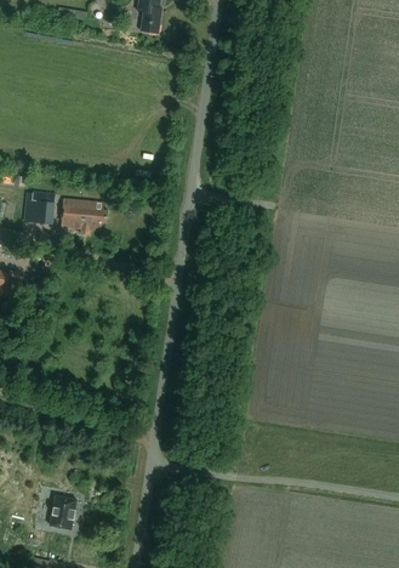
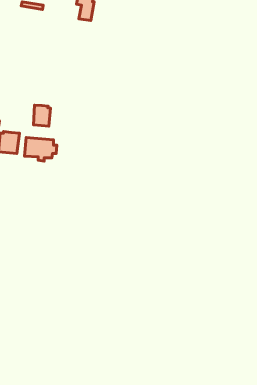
building: none -> [33,105,51,126]
building: [50,495,76,528] -> none

